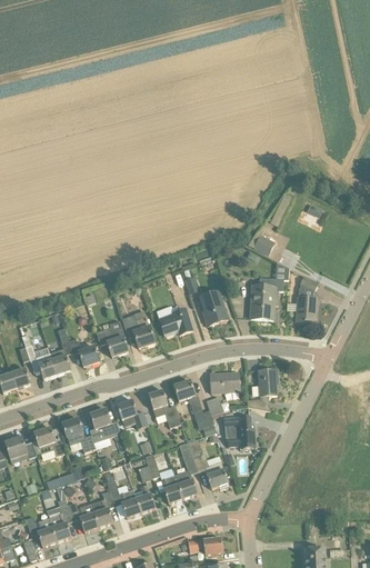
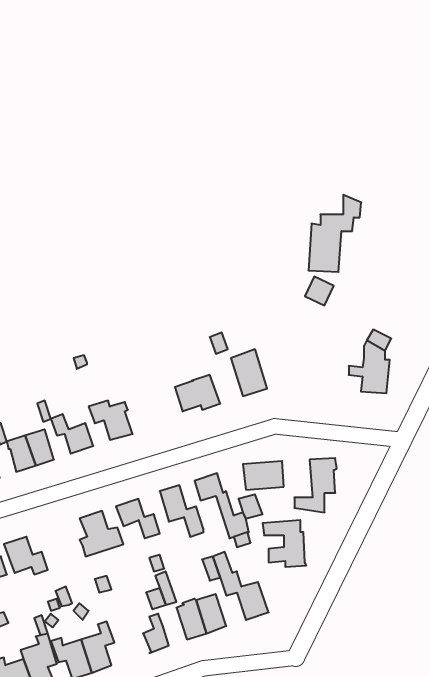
building: [250,262,289,319] -> [308,195,361,272]
building: [121,313,154,348] -> none
building: [61,417,96,451] -> none
building: [107,478,140,517] -> none

